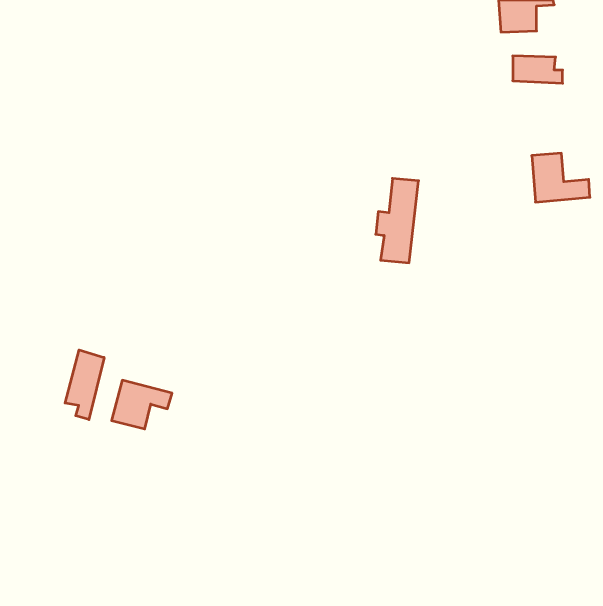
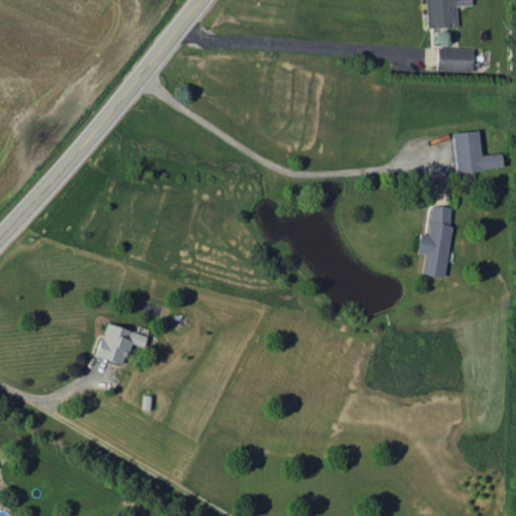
building: [376,178,419,263] -> [418,206,455,277]
building: [65,350,104,420] -> none

